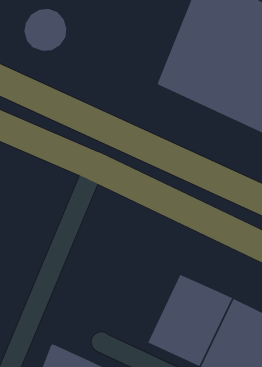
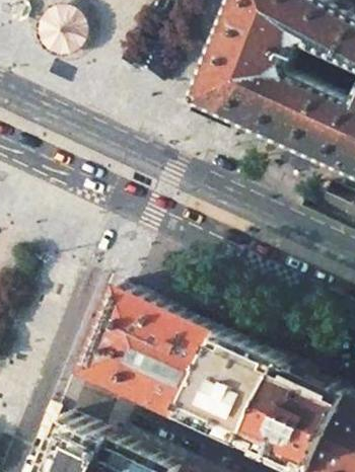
building: none -> [87,288,224,420]

